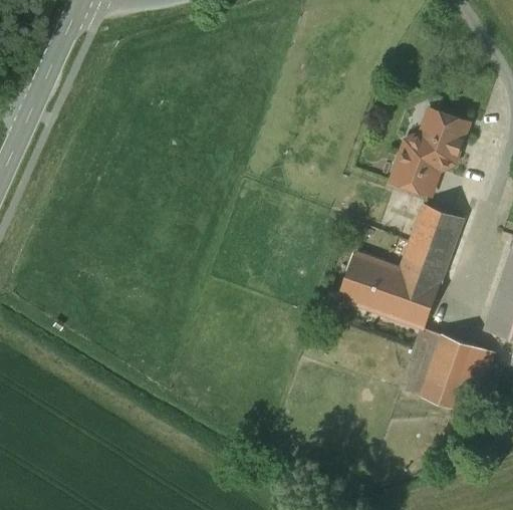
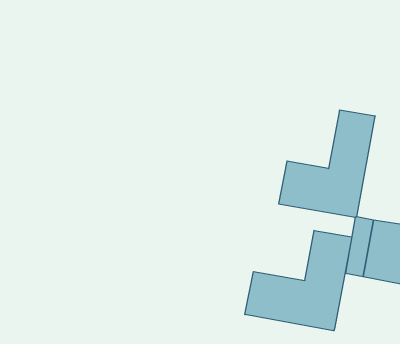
building: [392,109,468,195] -> none
building: none -> [245,230,352,331]

